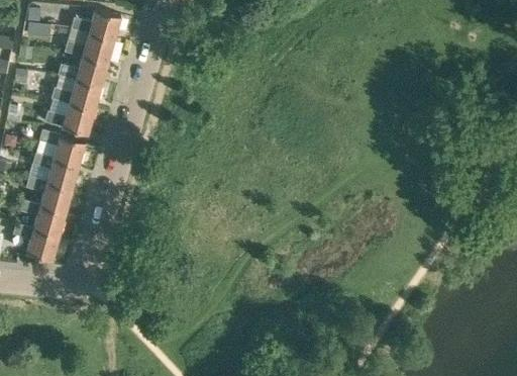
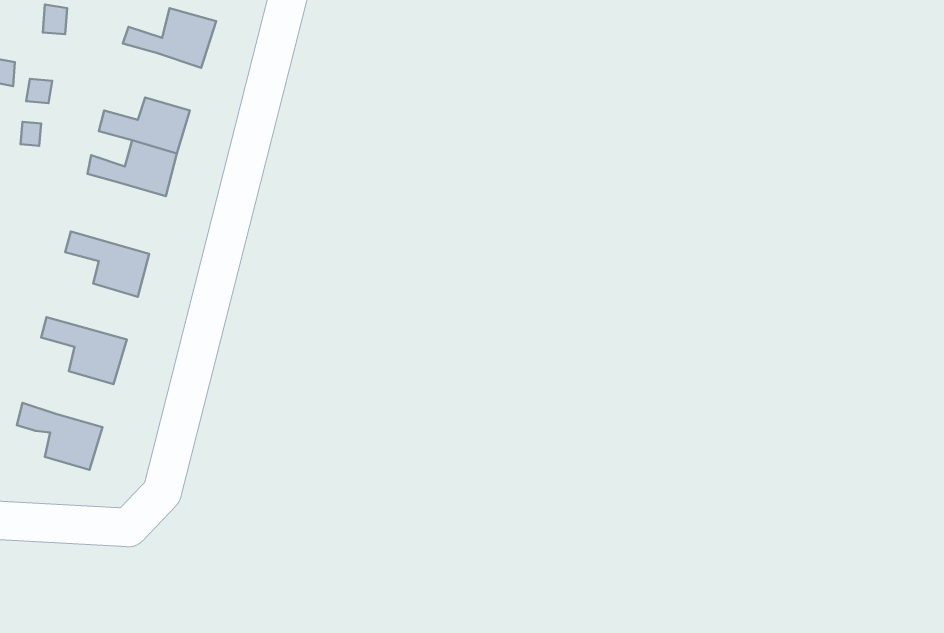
building: [64,34,112,66] -> none
building: [43,105,93,135] -> none
building: [31,155,78,190] -> none
building: [19,202,65,238] -> none

